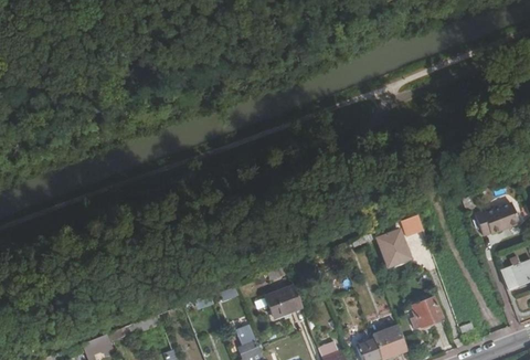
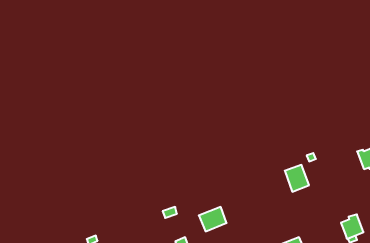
building: [412,293,442,325] -> [341,214,364,239]

